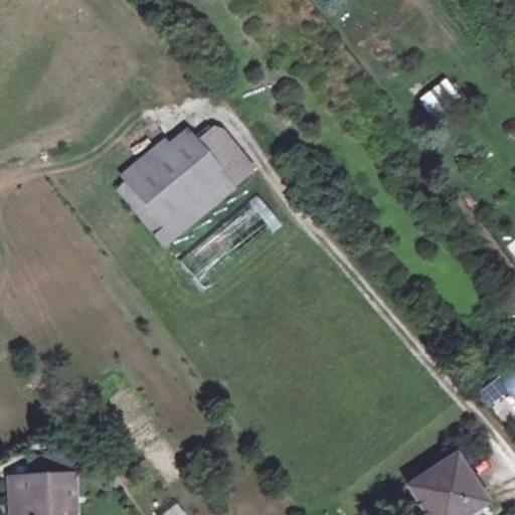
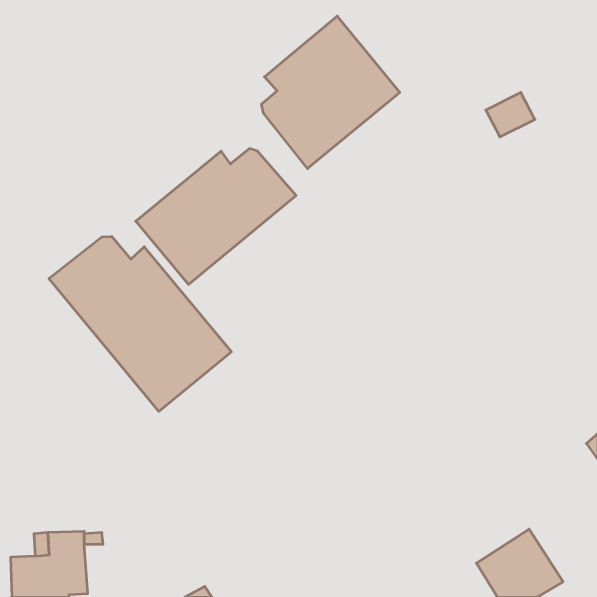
building: none -> [261,16,400,169]
building: none -> [49,236,231,411]

